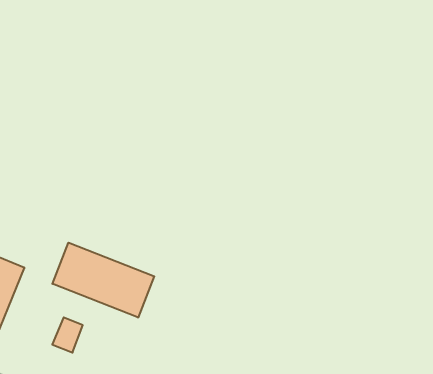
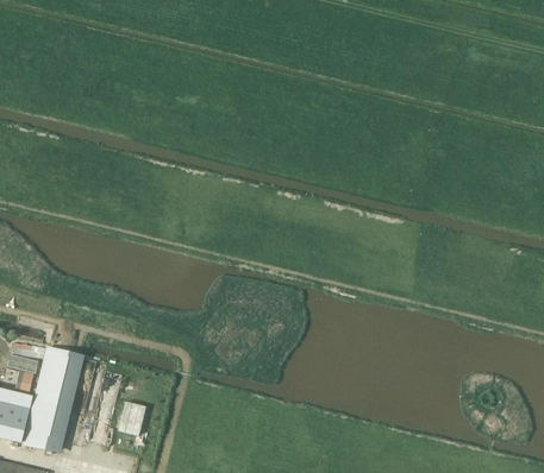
building: [52,243,154,318] -> none

